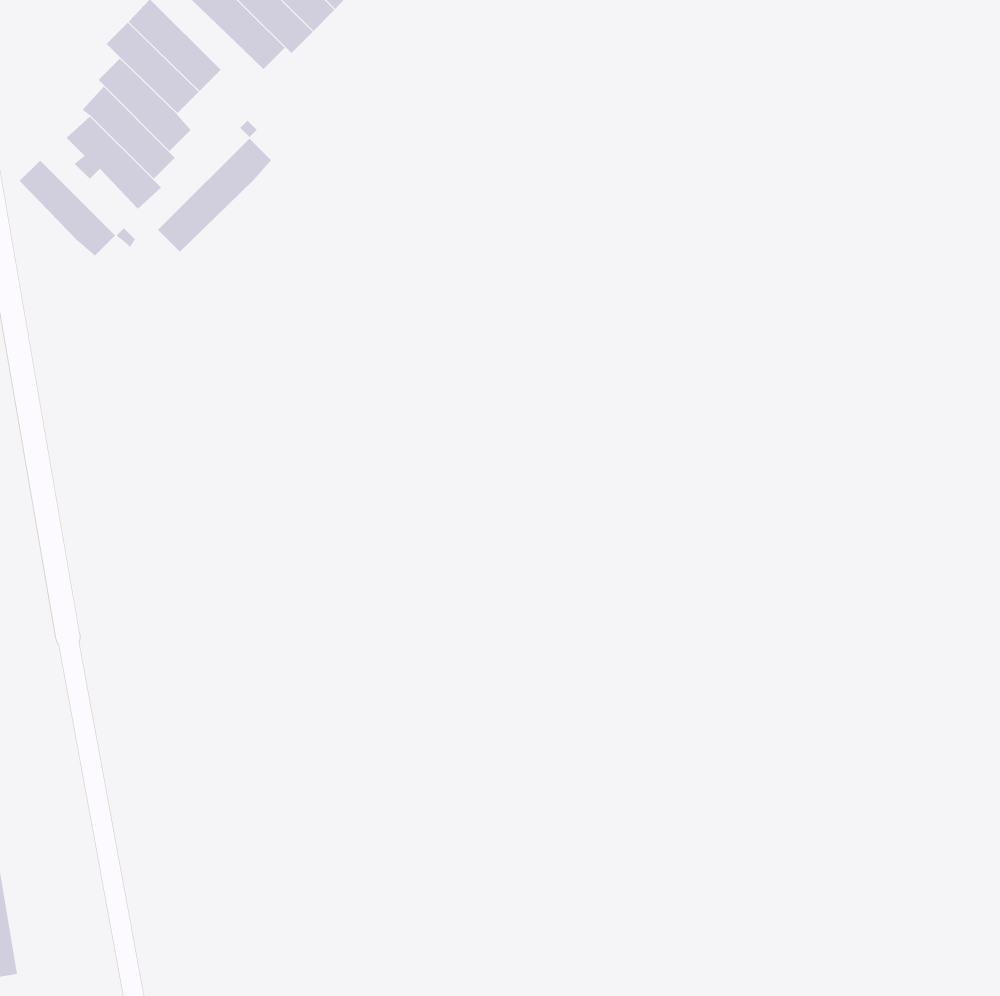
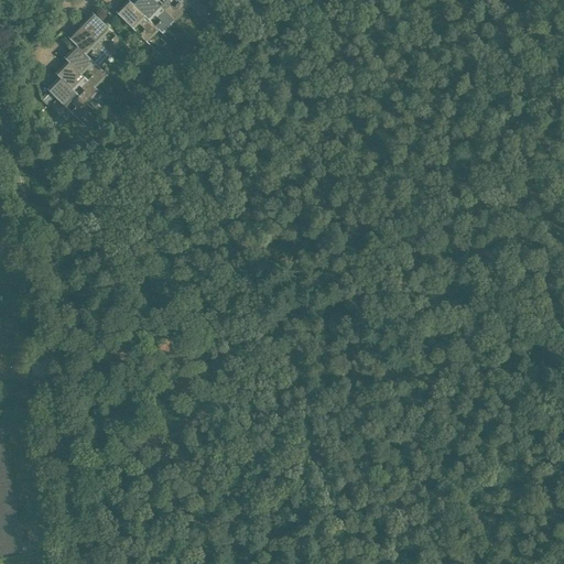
building: [157,138,272,252] -> none
building: [19,160,116,257] -> none

